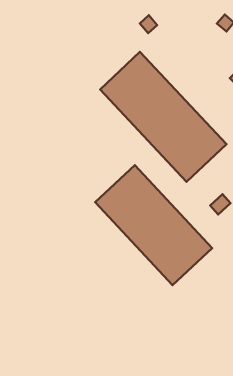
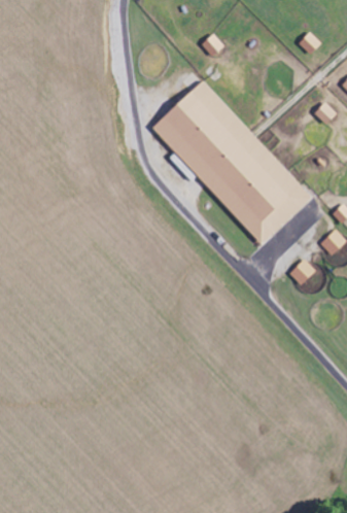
building: [95,165,212,285] -> none

